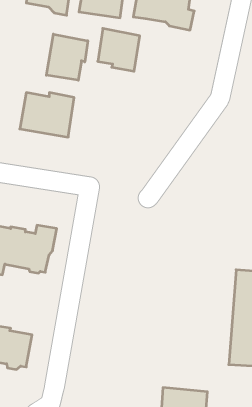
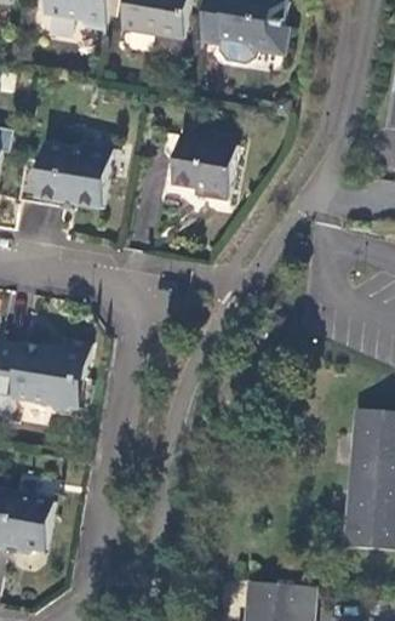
building: [98,28,140,71] -> [173,137,235,200]
building: [46,34,88,80] -> none

